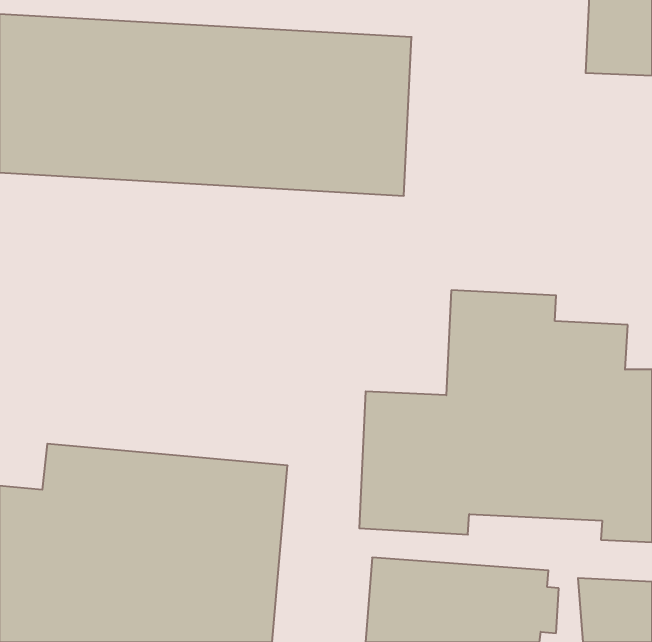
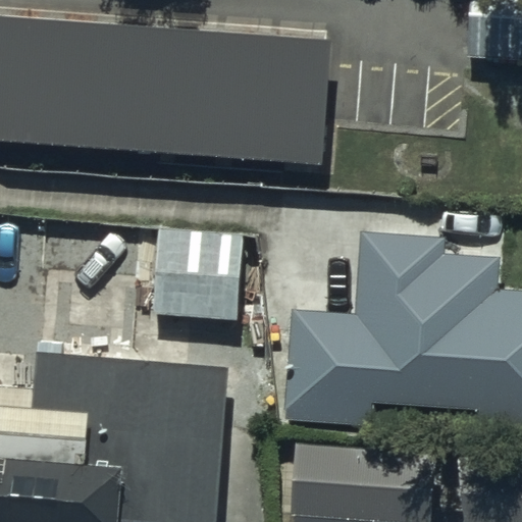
building: none -> [155,230,240,320]

